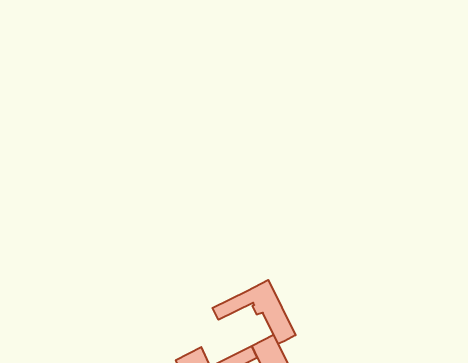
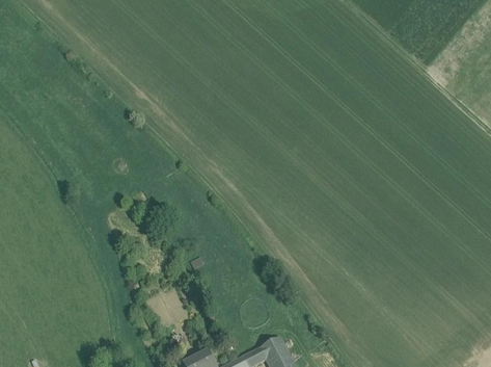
building: [212,280,296,344] -> none

